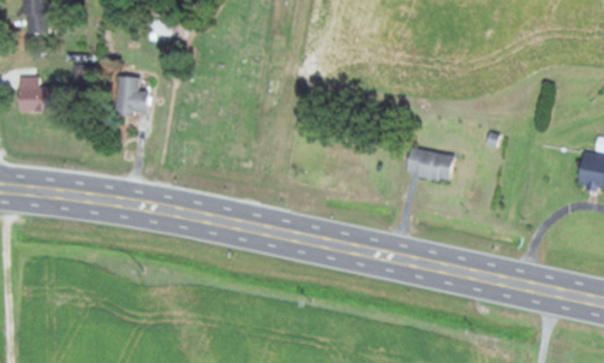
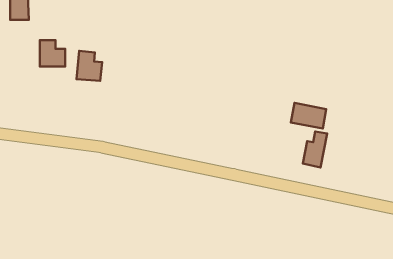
building: [18,76,53,112] -> [40,40,65,67]
building: none -> [303,132,327,168]

